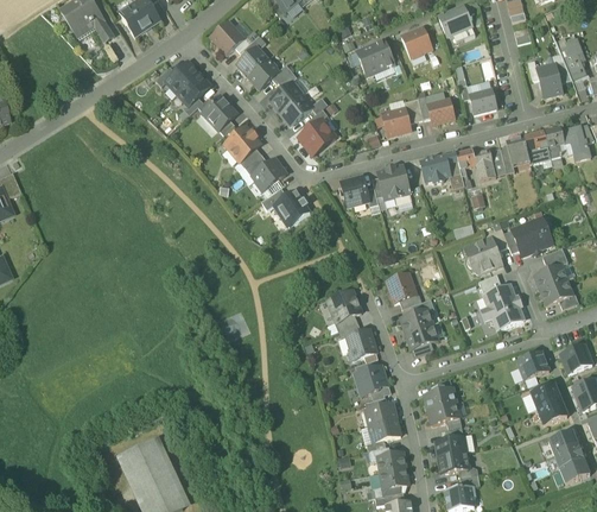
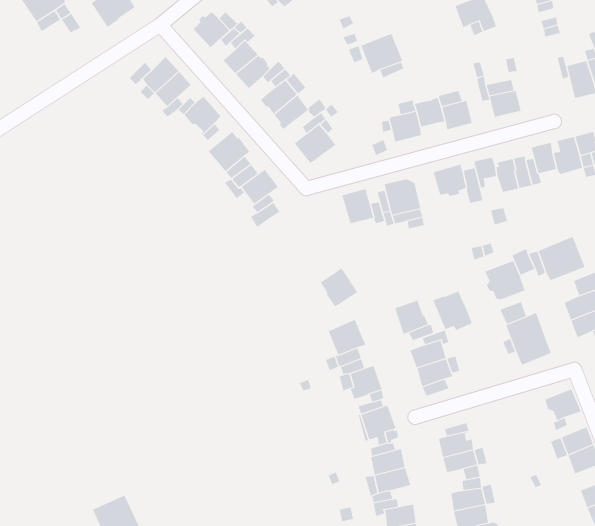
building: [401,26,432,57] -> none
building: [277,190,310,225] -> [320,268,358,307]
building: none -> [433,291,472,331]

